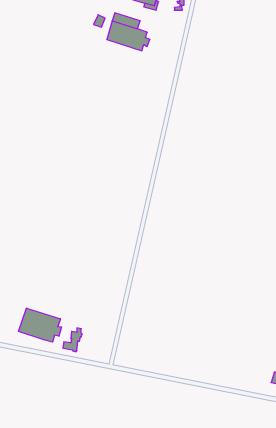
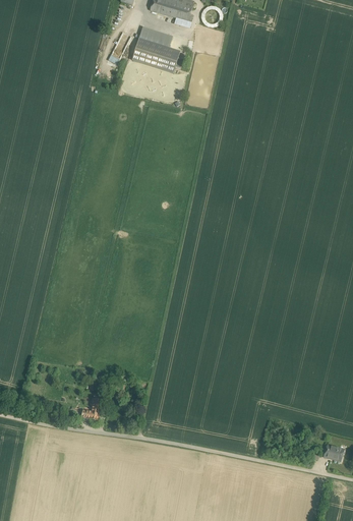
building: [19,308,62,342] -> none

